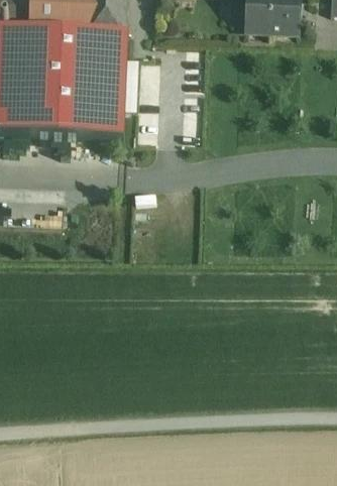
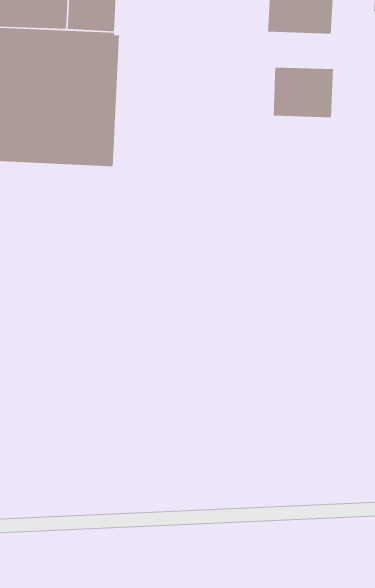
building: none -> [273,67,334,118]

